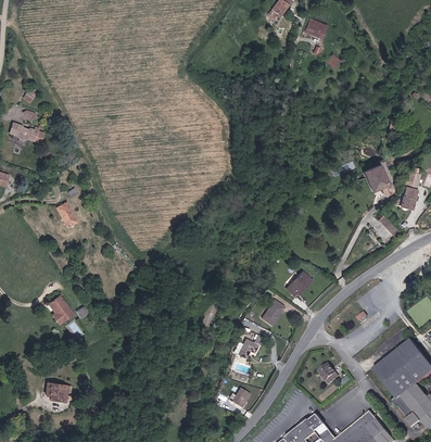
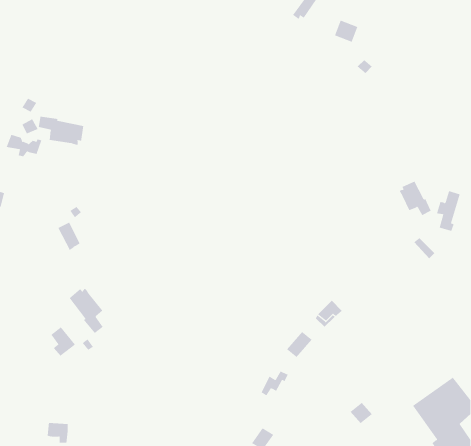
building: none -> [38,116,84,145]
building: none -> [69,288,104,334]

